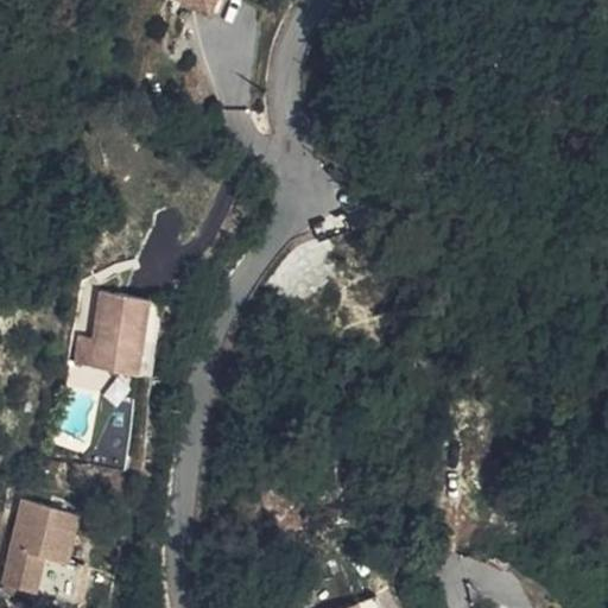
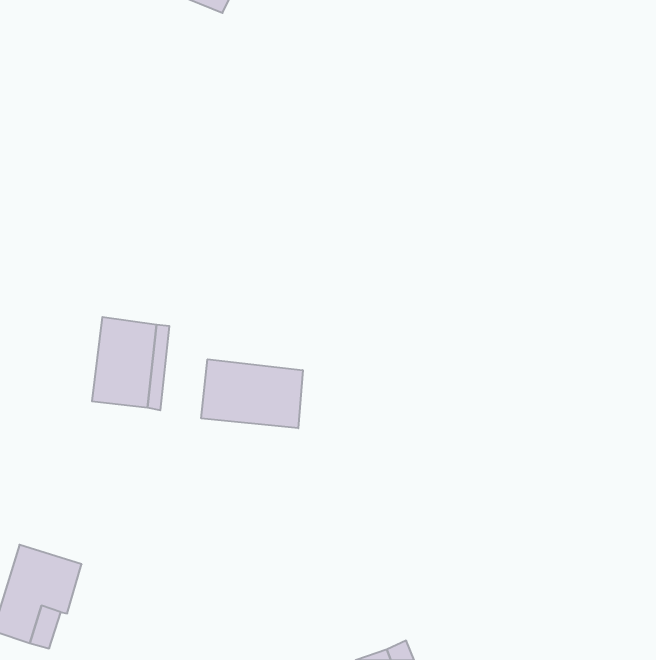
building: none -> [201,359,303,428]

